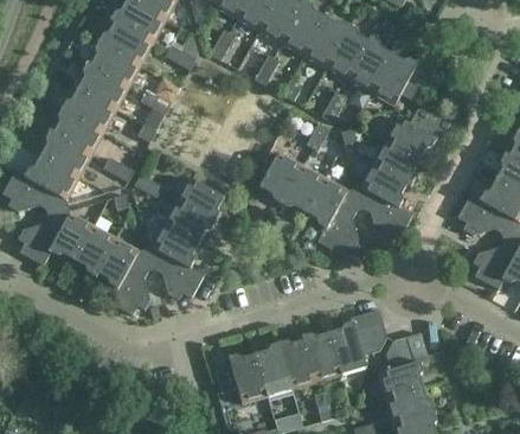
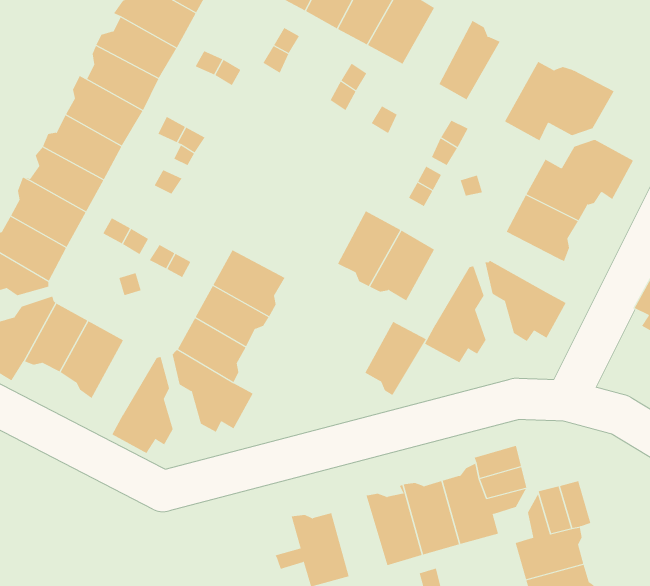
building: [303,15,349,66] -> none
building: [346,34,393,91] -> none
building: [361,165,406,205] -> none
building: [306,177,347,226] -> [364,321,427,396]
building: [96,237,139,287] -> none
building: [256,340,293,395] -> none

